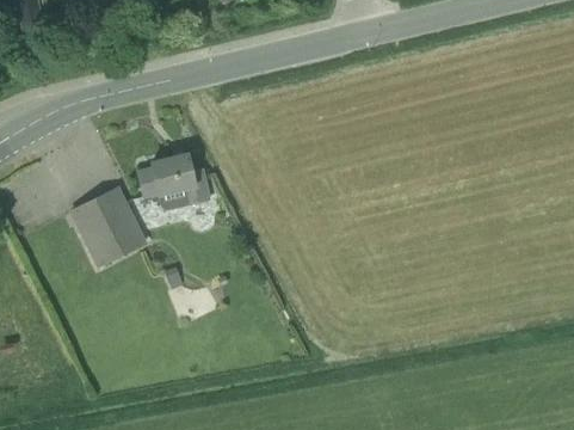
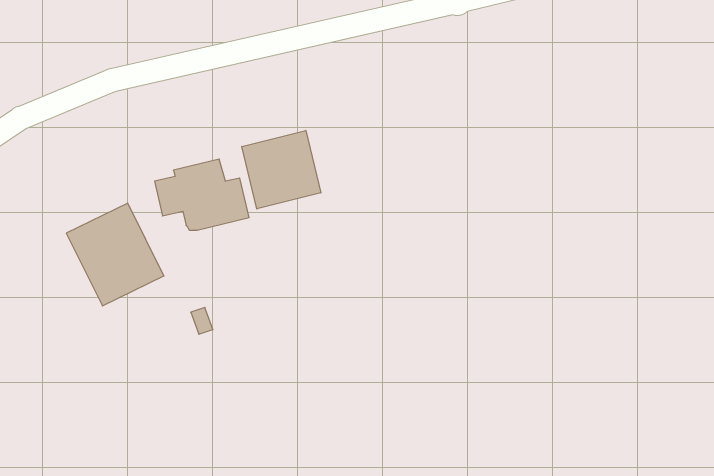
building: none -> [242,130,321,209]

